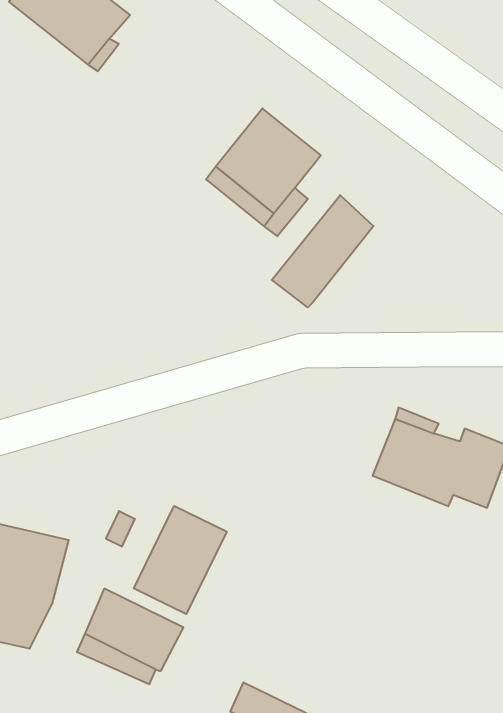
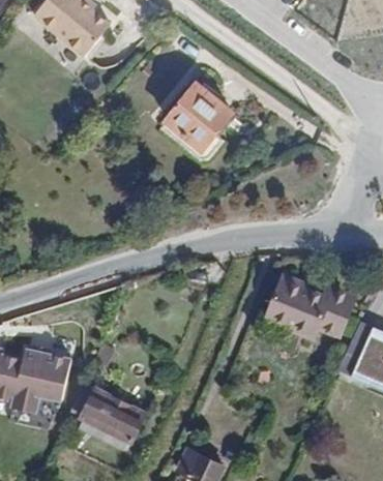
building: [272,195,374,307] -> none
building: [134,506,227,614] -> none

